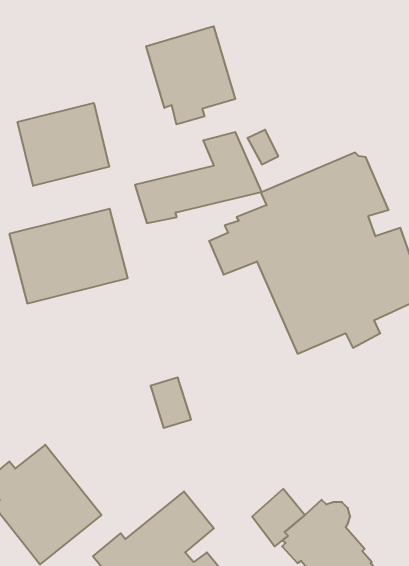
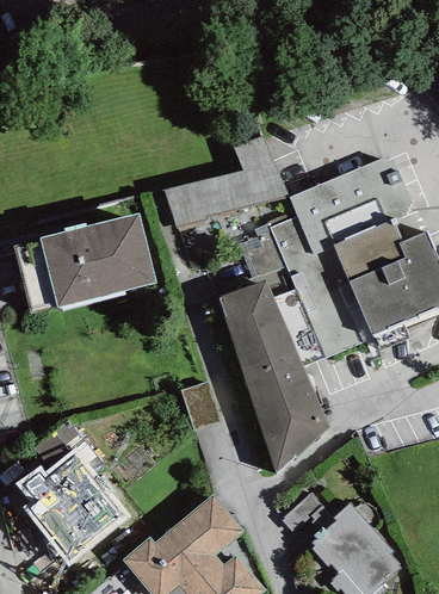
building: [146,26,235,124] -> none
building: [18,103,109,186] -> none
building: none -> [218,280,328,474]

